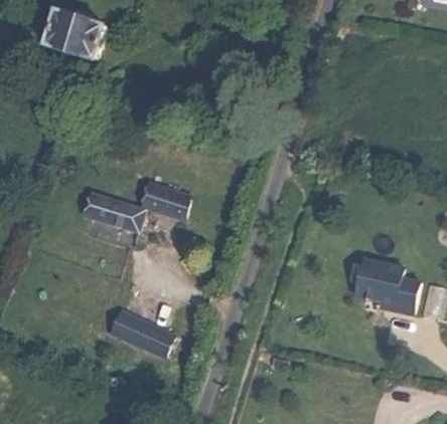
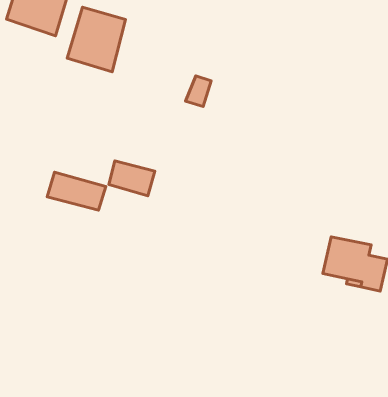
building: none -> [67,7,126,72]
building: [111,307,173,353] -> none

